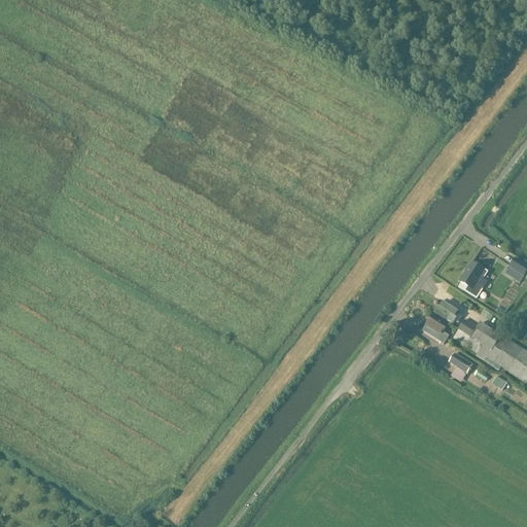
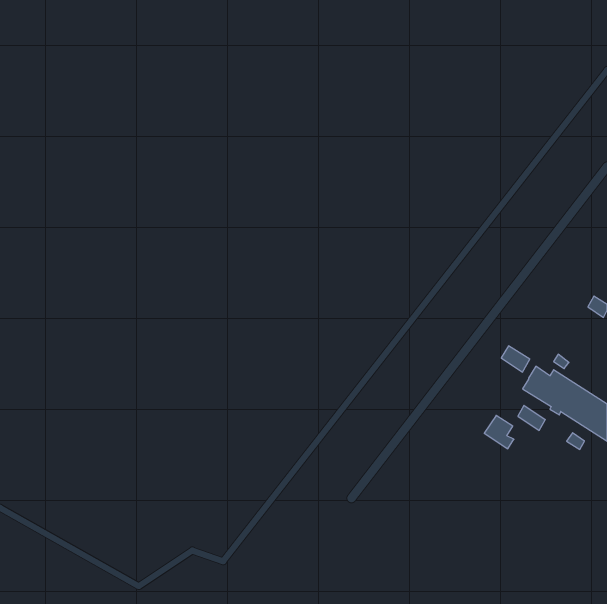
building: [459,261,488,298] -> none
building: [423,313,449,342] -> [484,415,514,449]

